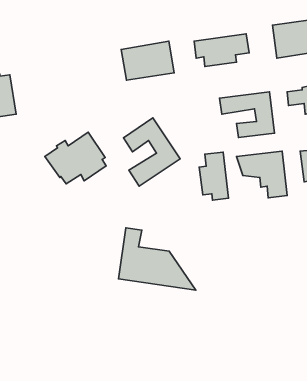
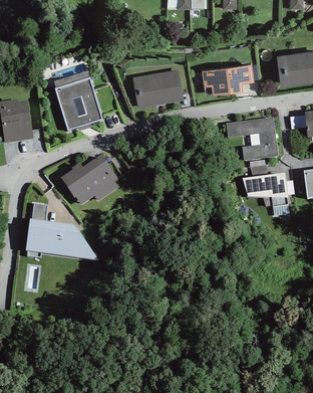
building: none -> [55,79,101,130]
building: [124,118,180,186] -> none
building: [199,152,228,200] -> none
building: [118,228,196,290] -> [26,203,99,262]

